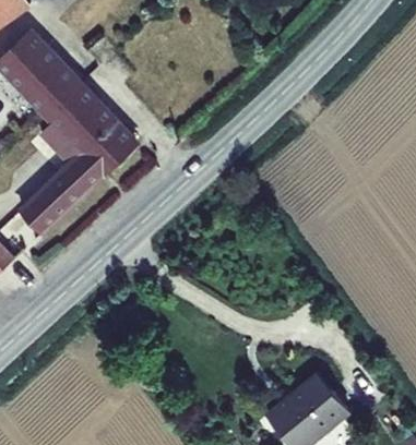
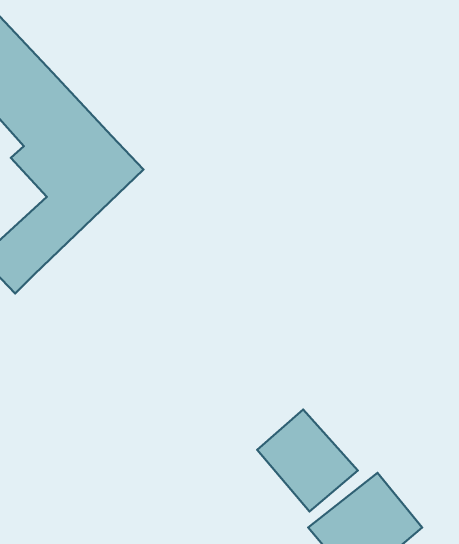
building: none -> [257,409,358,511]

